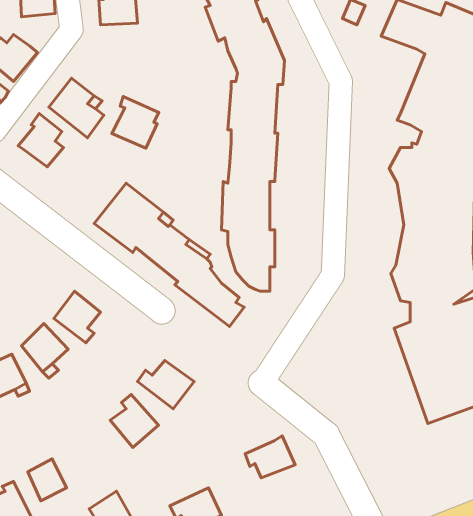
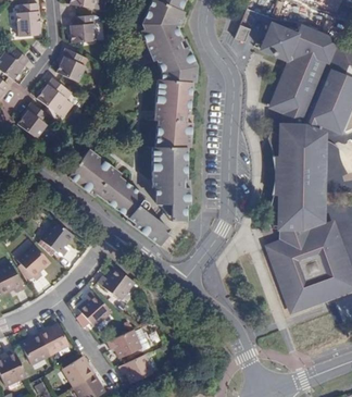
building: [112,96,159,148] -> [56,47,88,82]
building: [245,436,295,478] -> [108,328,141,357]
building: none -> [39,324,68,353]

